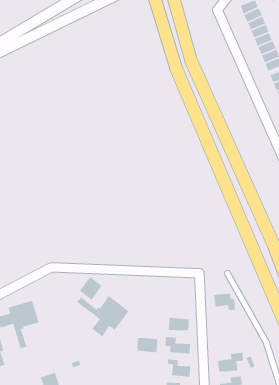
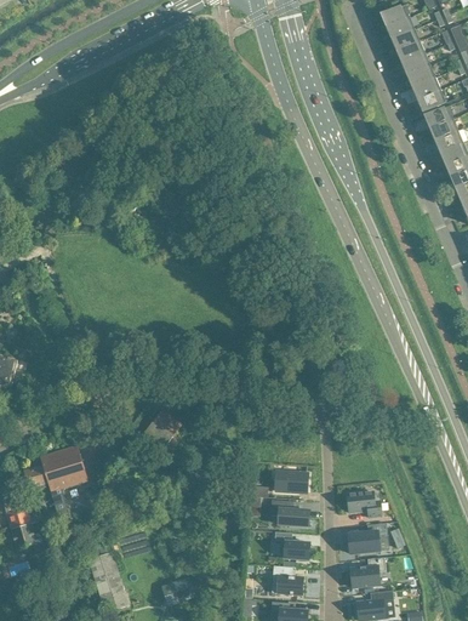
building: [213,293,236,311] -> [347,491,379,518]
building: [76,295,129,338] -> none
building: [136,337,158,353] -> none

